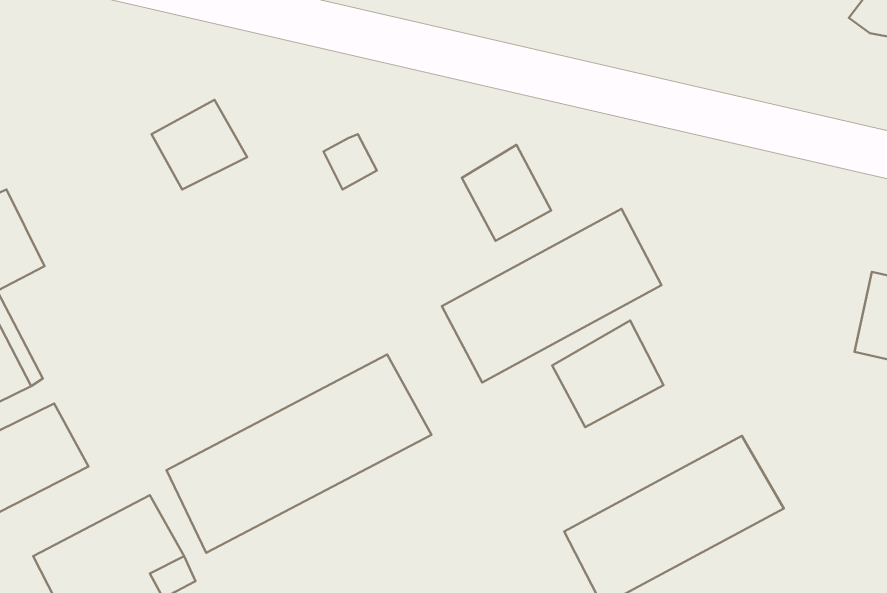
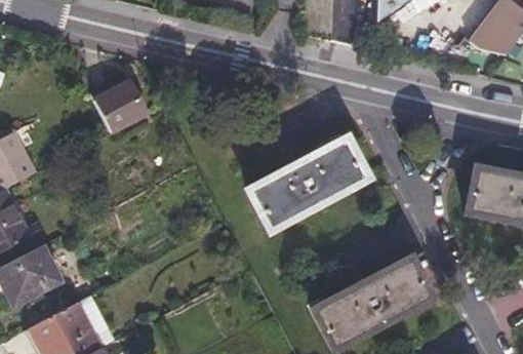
building: [462,145,551,241] -> none
building: [552,320,663,427] -> none
building: [166,355,431,553] -> none

